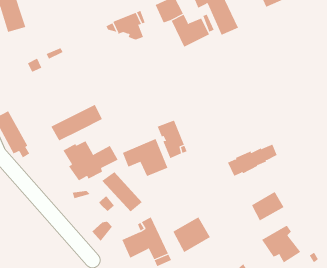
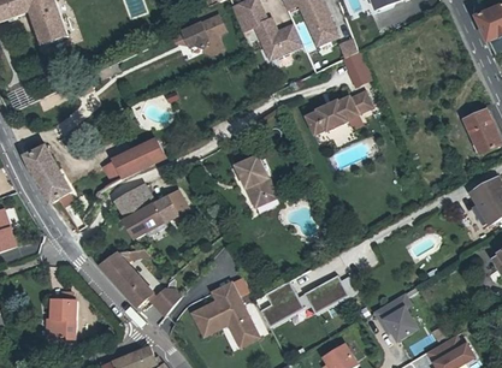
building: none -> [343,53,374,88]
building: [122,138,168,177] -> none
building: [227,144,278,177] -> [306,91,371,133]
building: [101,171,142,212] -> [100,253,153,305]
building: [251,191,285,221] -> [306,275,349,314]
building: none -> [51,299,77,338]

